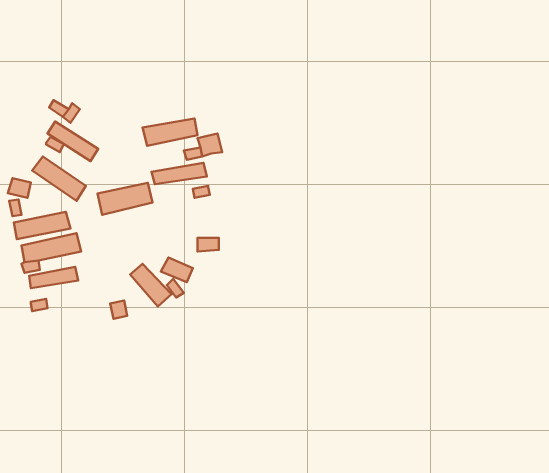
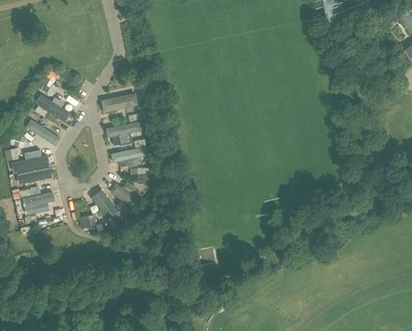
building: [97,183,153,215] -> [112,147,149,169]

